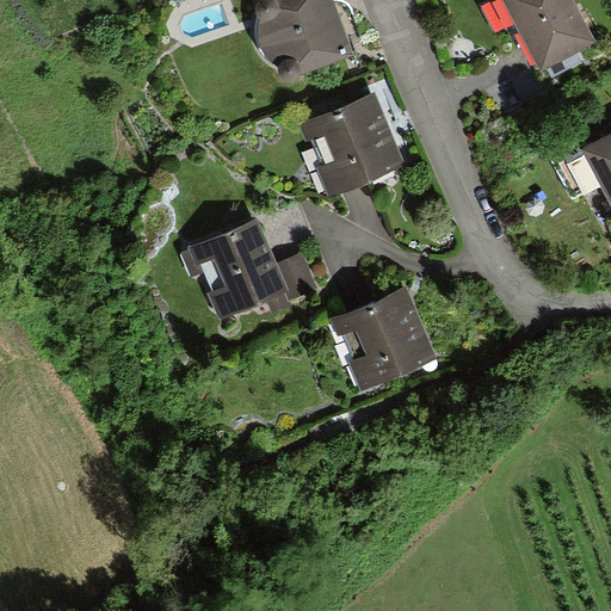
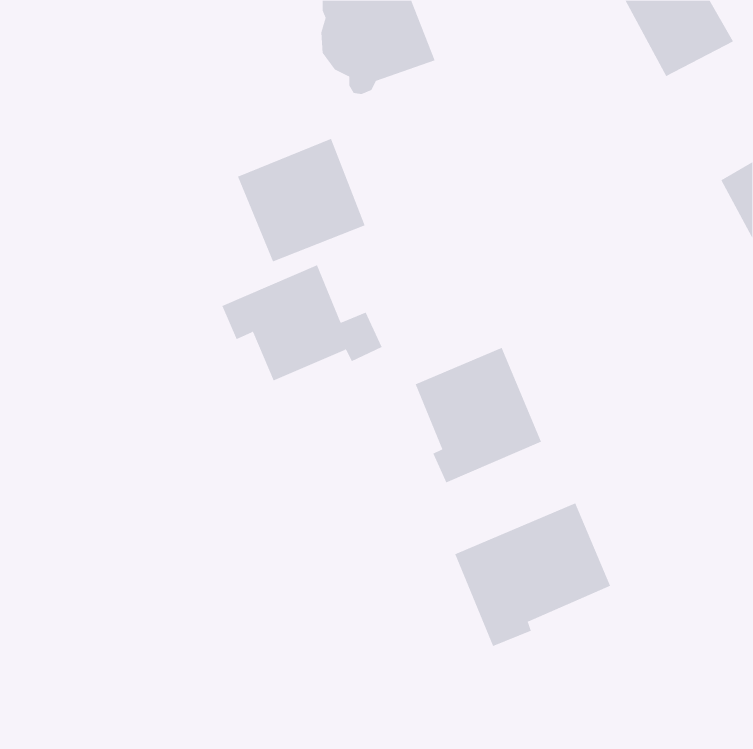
building: [297,92,401,192] -> [237,138,366,262]
building: none -> [454,503,611,647]

